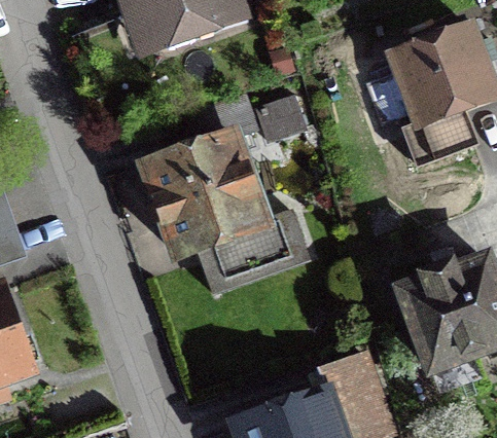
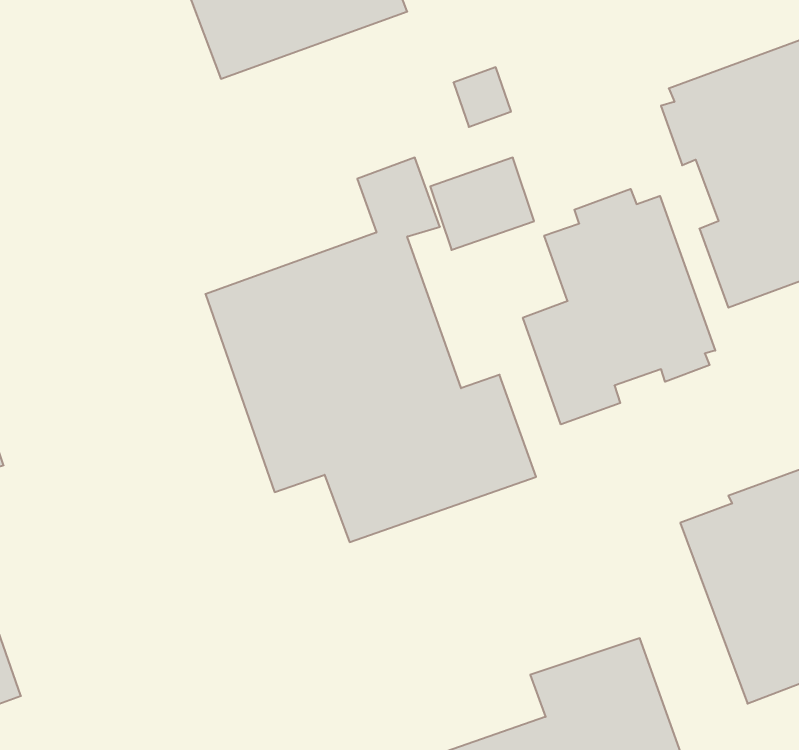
building: none -> [523,189,715,424]

